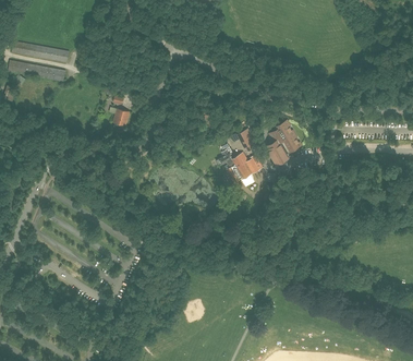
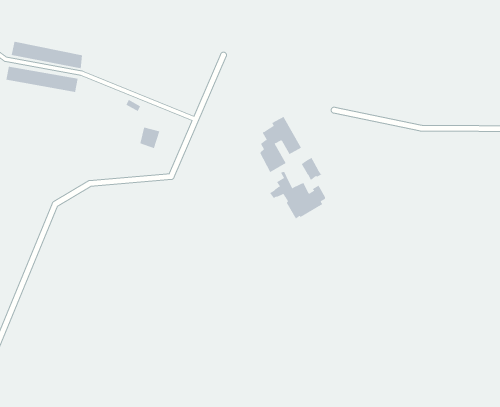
building: [267,120,301,165] -> [259,116,302,173]

